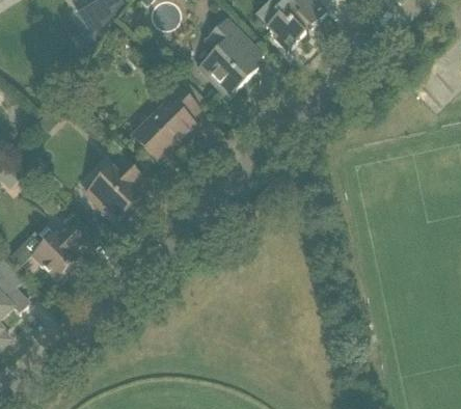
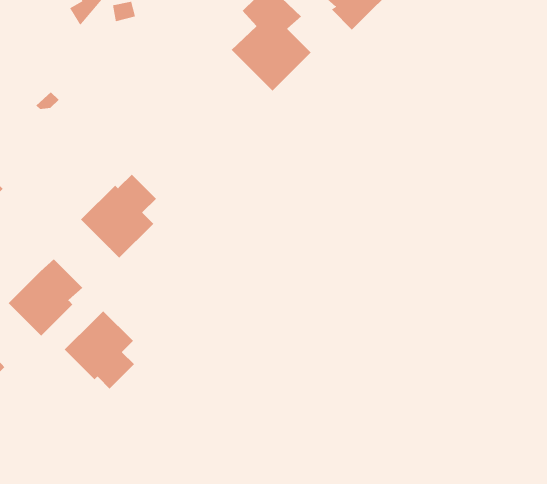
building: [132,82,198,159] -> none
building: none -> [64,310,135,390]

